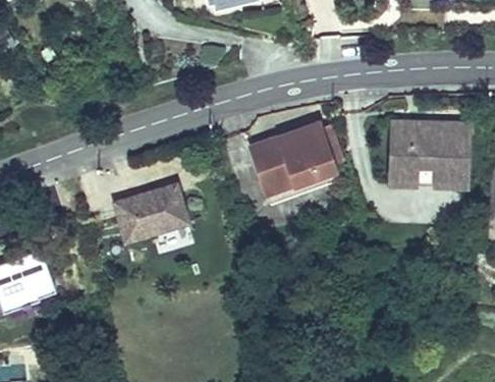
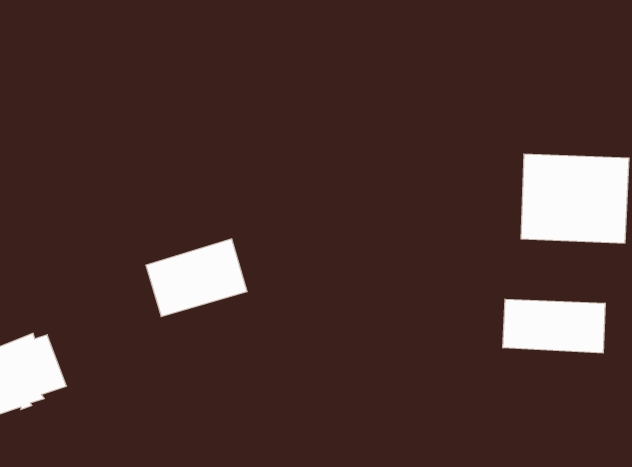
building: [251,122,338,204] -> none
building: none -> [503,299,605,353]

